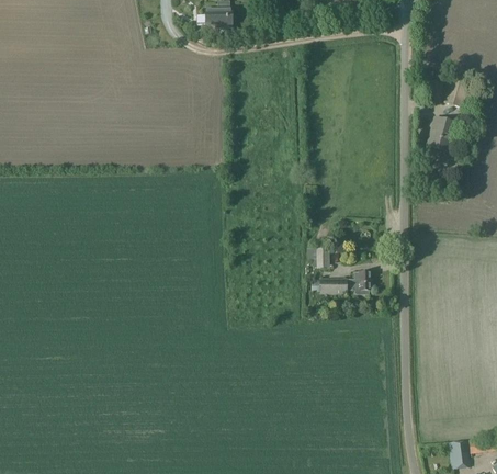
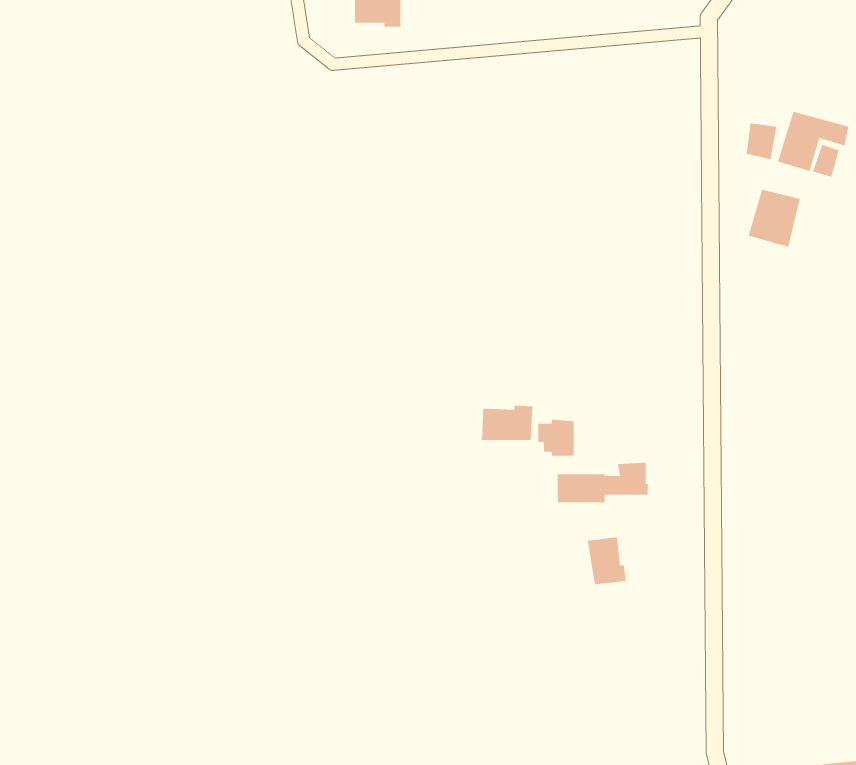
building: none -> [481,405,533,441]
building: none -> [587,537,626,585]

